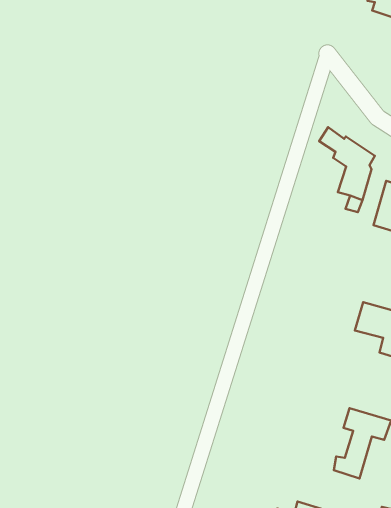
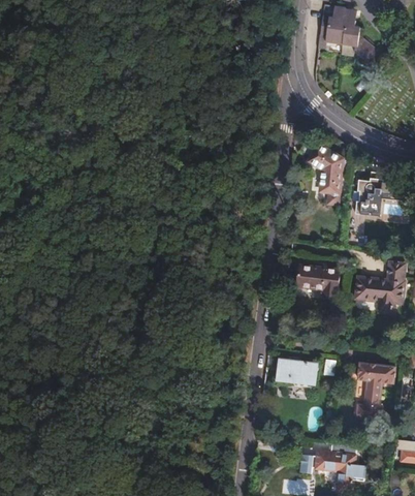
building: none -> [296,265,340,297]
building: none -> [277,360,317,388]

